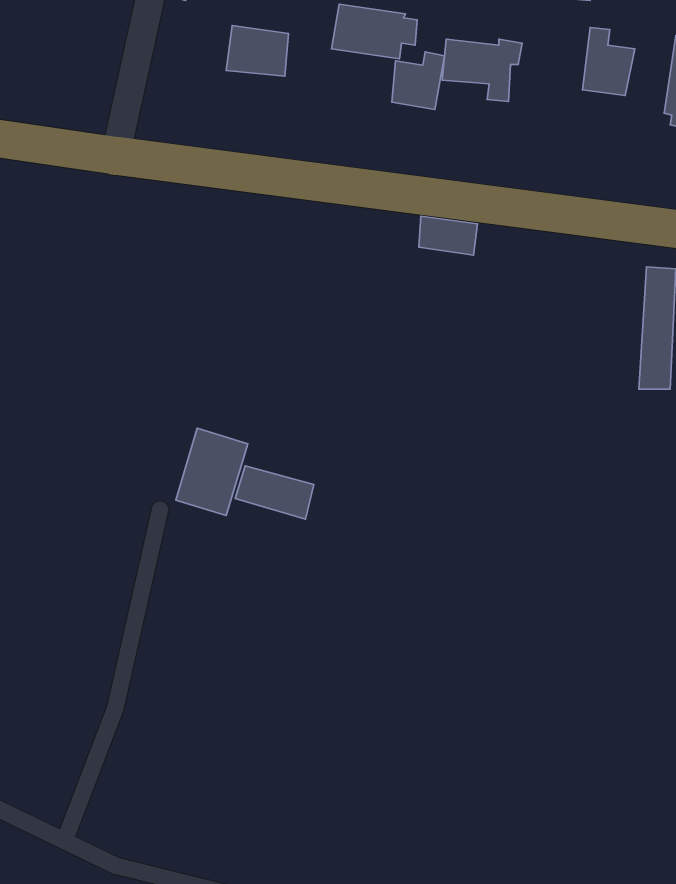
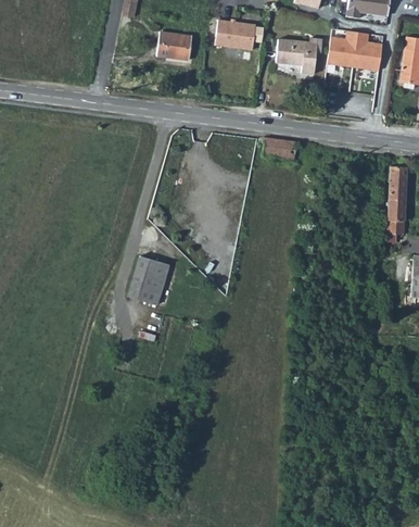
building: none -> [329,32,359,67]
building: [392,52,445,109] -> none
building: [235,466,314,519] -> none

